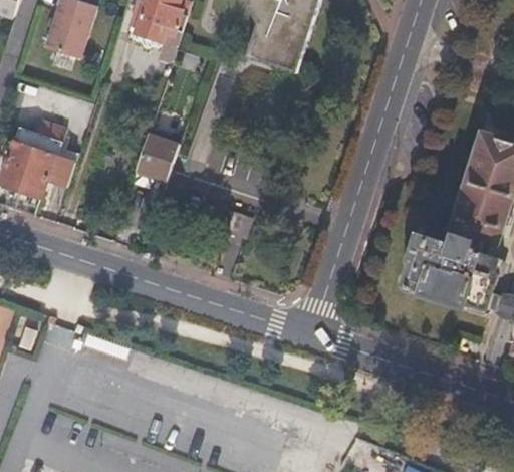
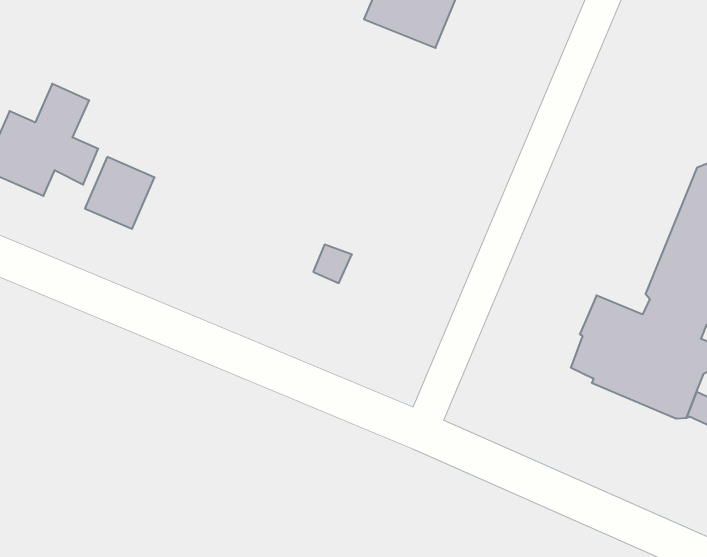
building: [136,132,181,179] -> [85,157,155,229]

